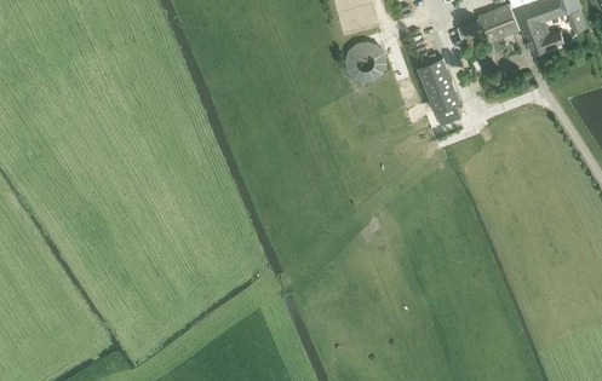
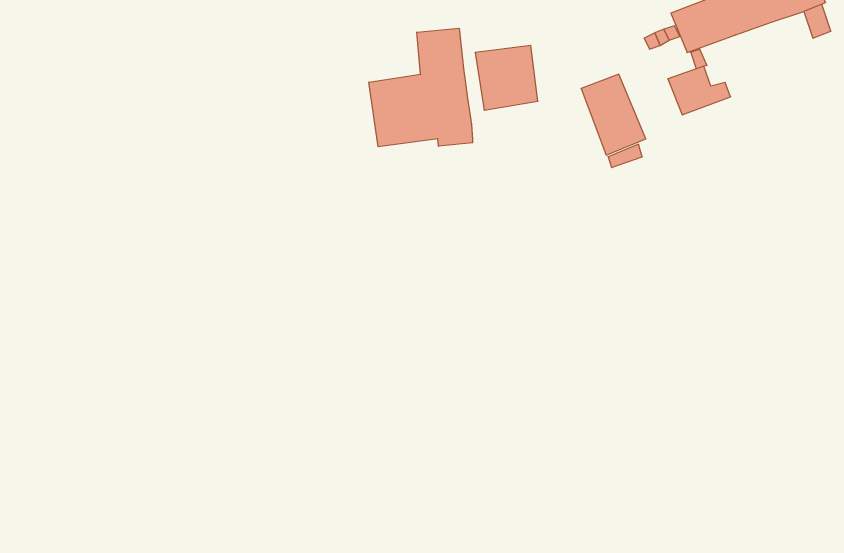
building: [521,22,563,54] -> [668,66,731,115]
building: none -> [369,28,473,147]

